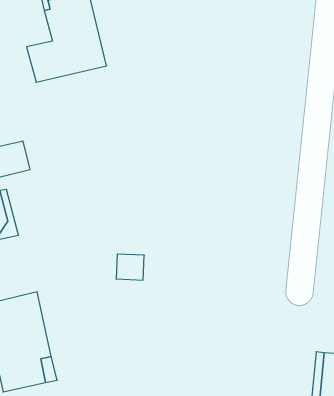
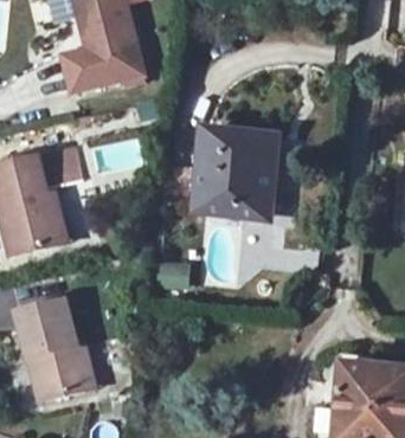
building: none -> [198,130,285,219]

